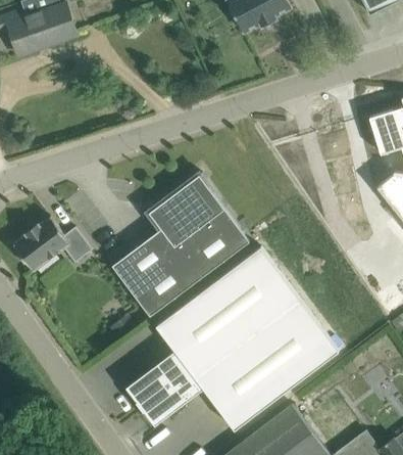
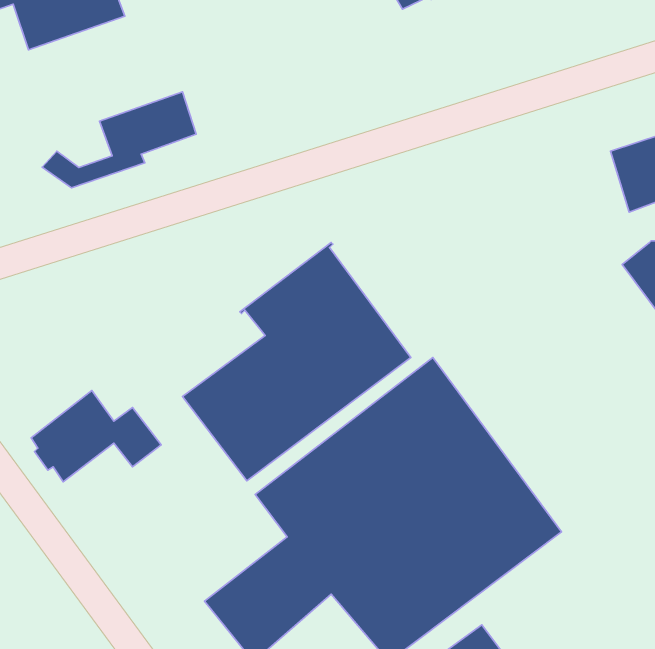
building: none -> [42,92,196,188]
building: [14,216,93,271] -> [31,391,161,482]

